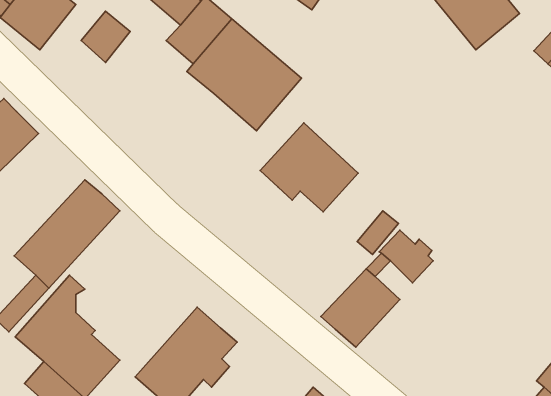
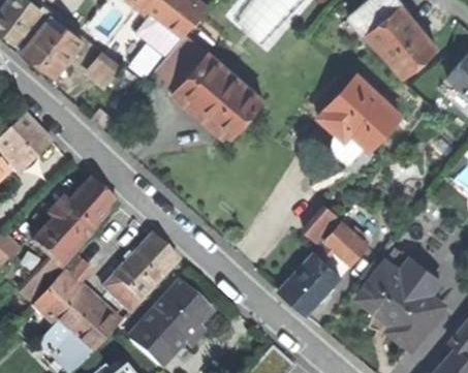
building: [260,123,358,212] -> [322,75,401,147]
building: none -> [102,235,178,312]
building: none -> [358,250,443,348]

